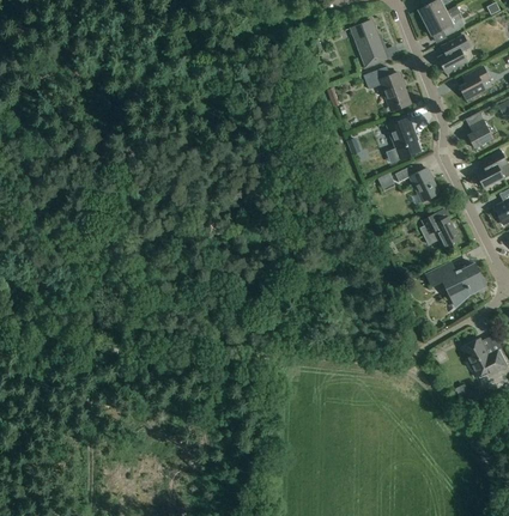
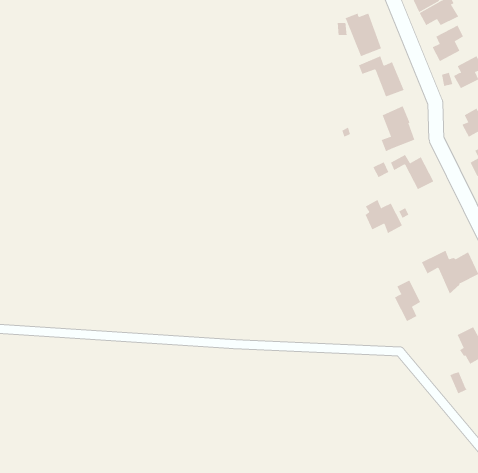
building: [422,213,460,248] -> [365,199,403,234]
building: none -> [394,277,421,322]

